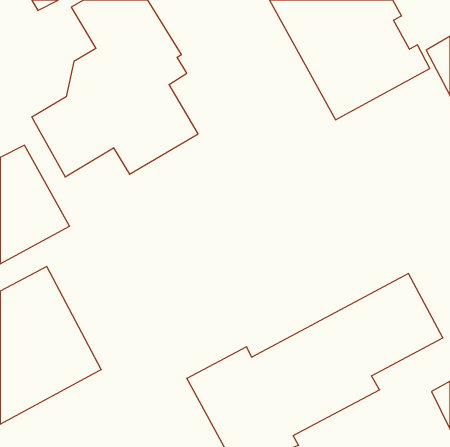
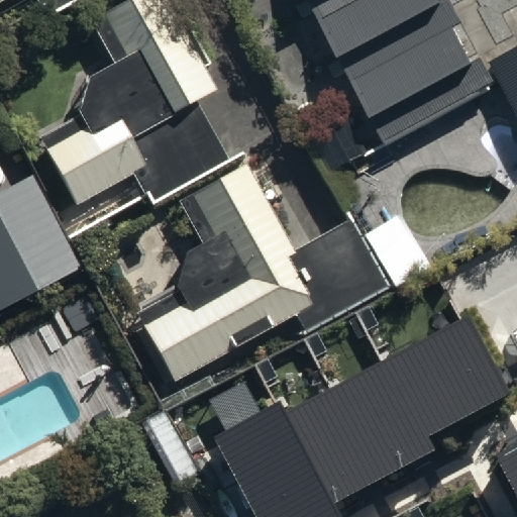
building: none -> [122,162,310,379]

